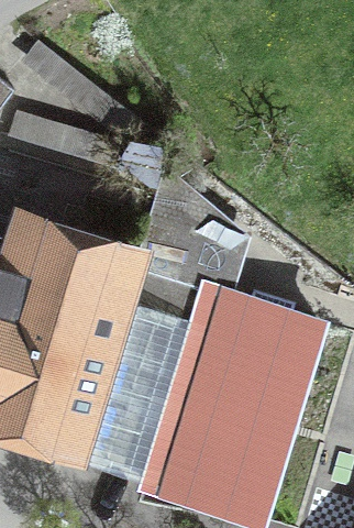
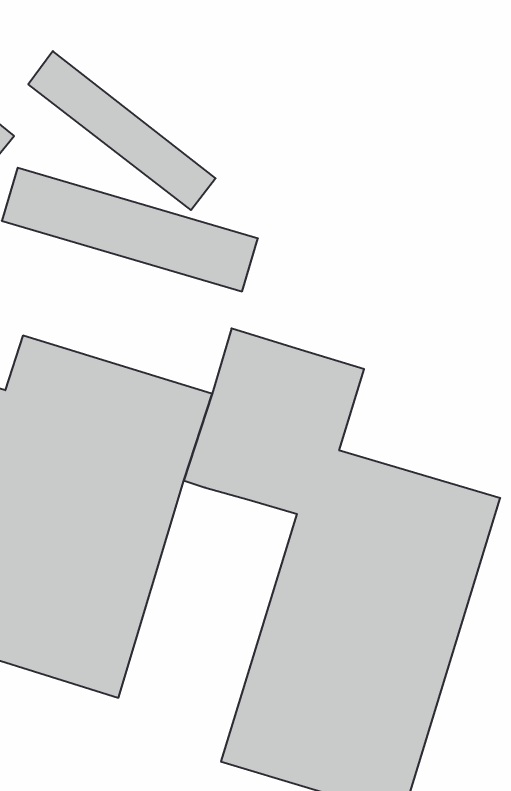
building: [88,315,191,485] -> none

